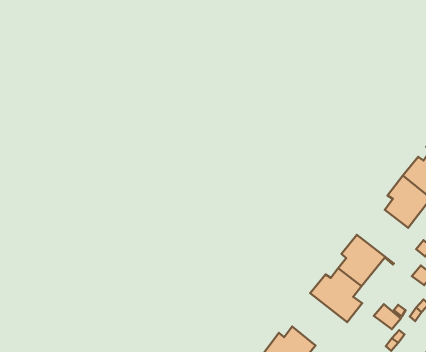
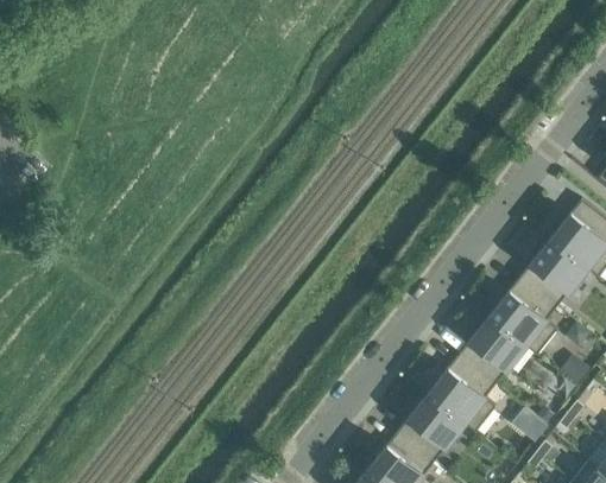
building: none -> [488,282,556,354]
building: none -> [403,393,475,462]

